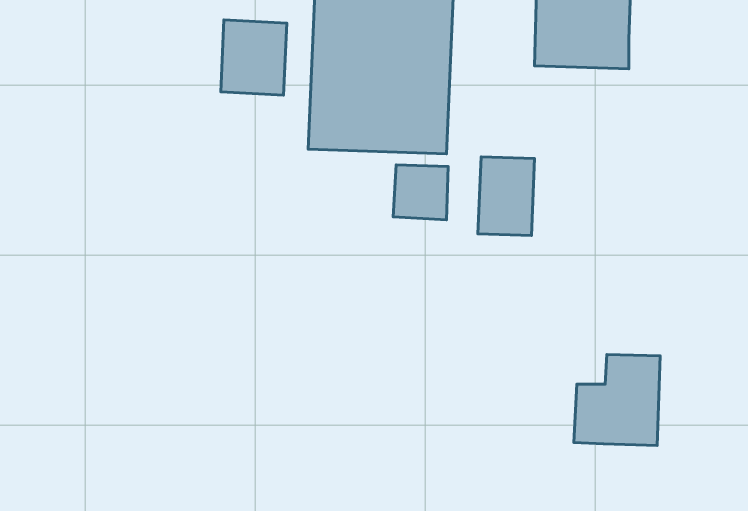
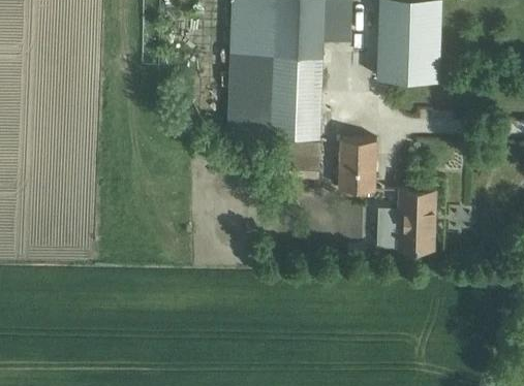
building: [221,20,287,95] -> none
building: [574,354,660,446] -> [378,193,435,253]

